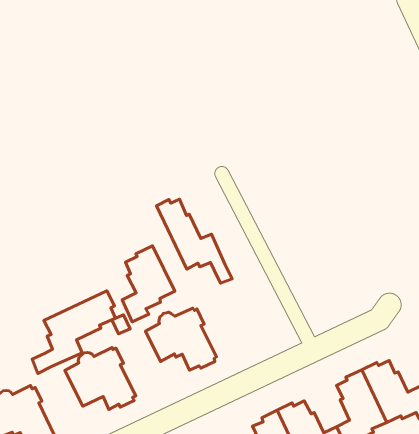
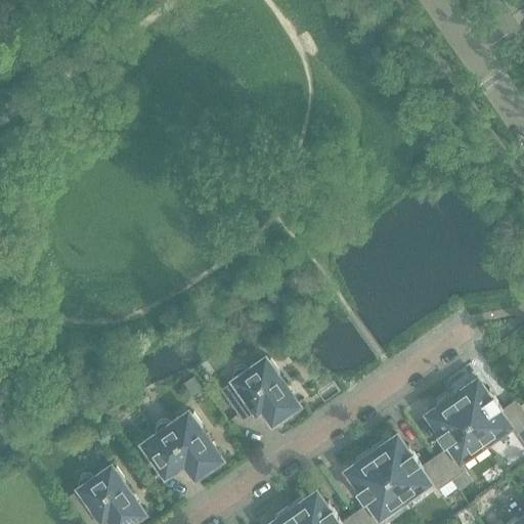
building: [157,199,232,283] -> none
building: [122,246,175,322] -> none
building: [32,291,116,373] -> none

